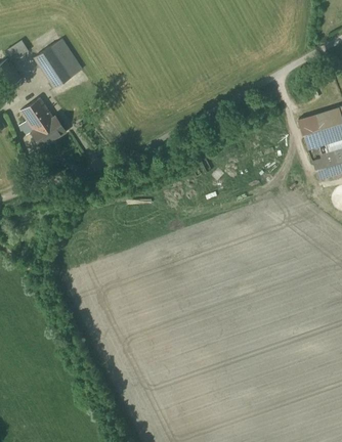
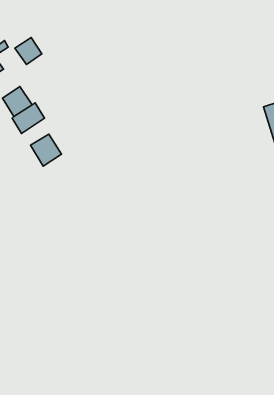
building: [47,39,83,87] -> none
building: none -> [31,134,62,166]

